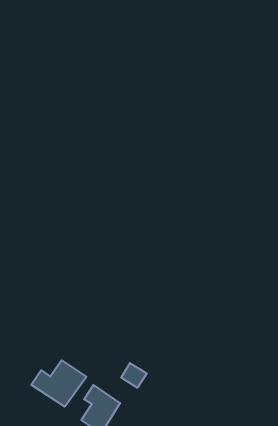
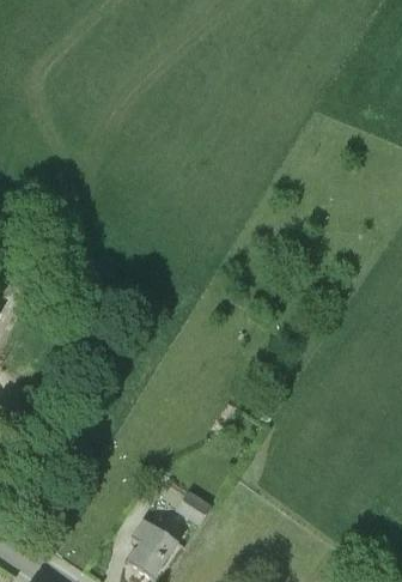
building: [31,360,86,407] -> none

